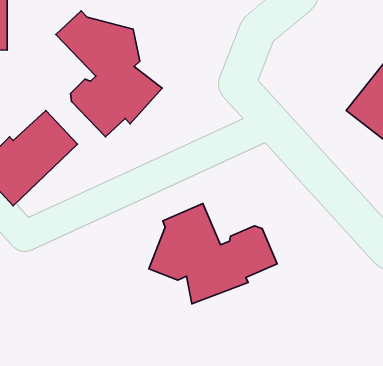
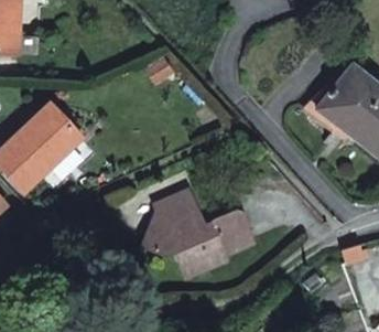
building: [56,11,162,137] -> none

